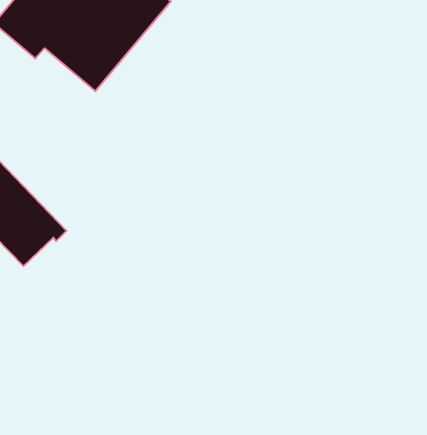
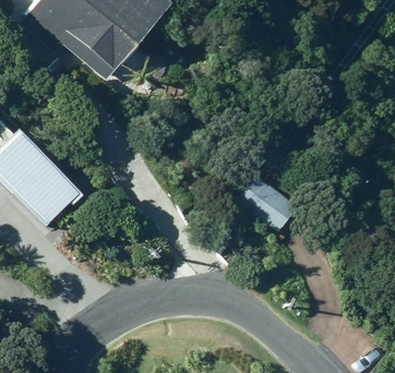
building: none -> [232,172,297,231]

